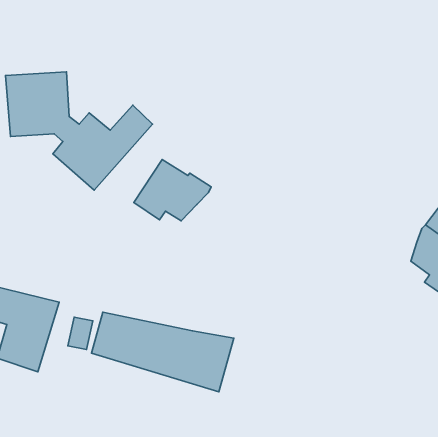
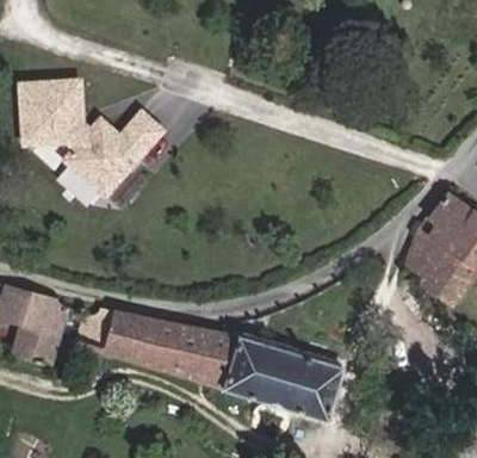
building: [134,159,211,221] -> none
building: none -> [222,335,342,420]

